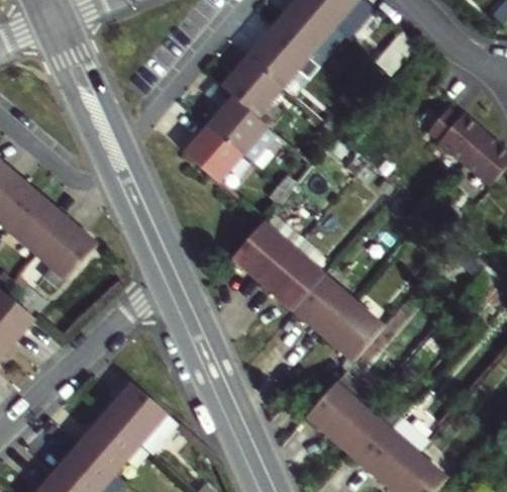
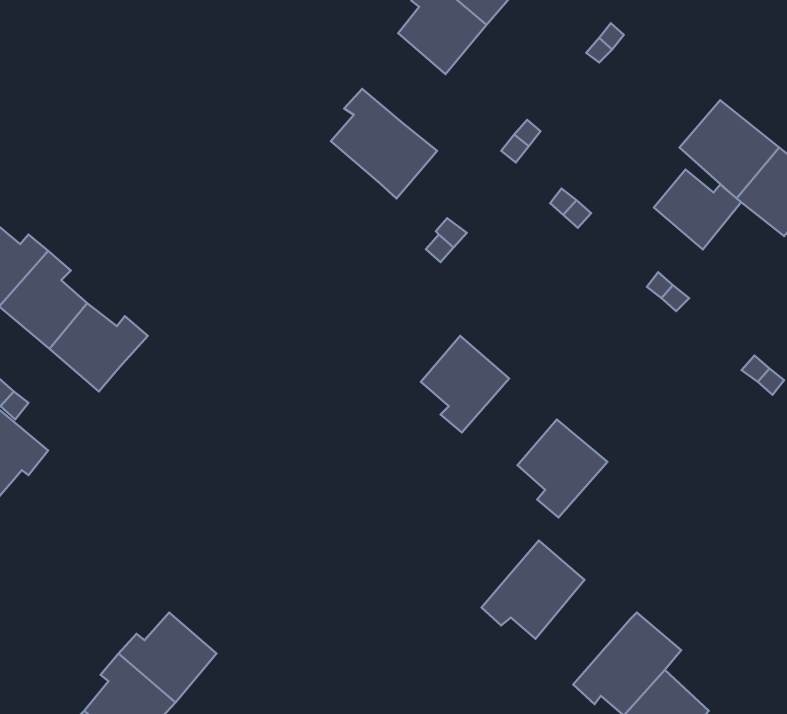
building: [220,61,281,116] -> none
building: [181,127,240,183] -> none
building: none -> [654,170,741,249]
building: [231,221,290,276] -> none
building: [291,274,349,327] -> none
building: [110,383,166,444] -> none
building: [336,398,395,463] -> none

